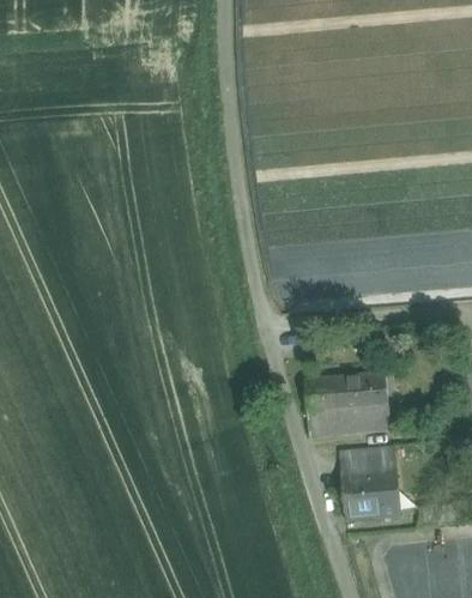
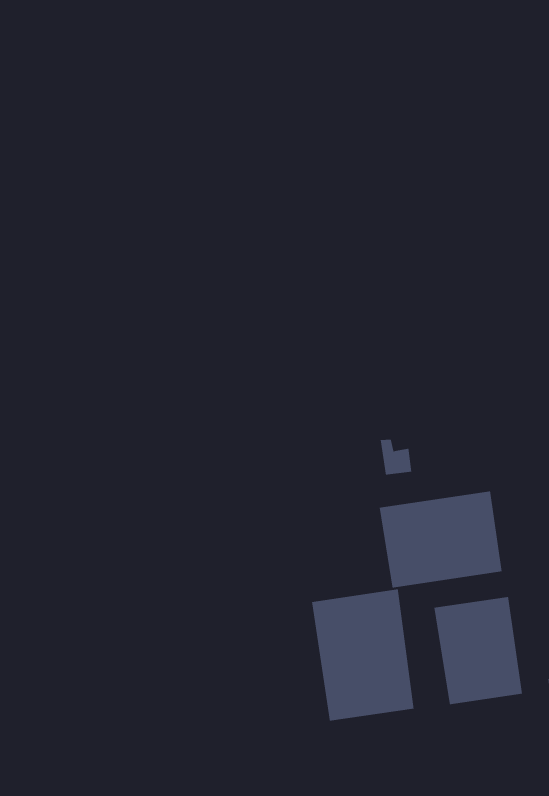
building: none -> [312,589,414,722]

